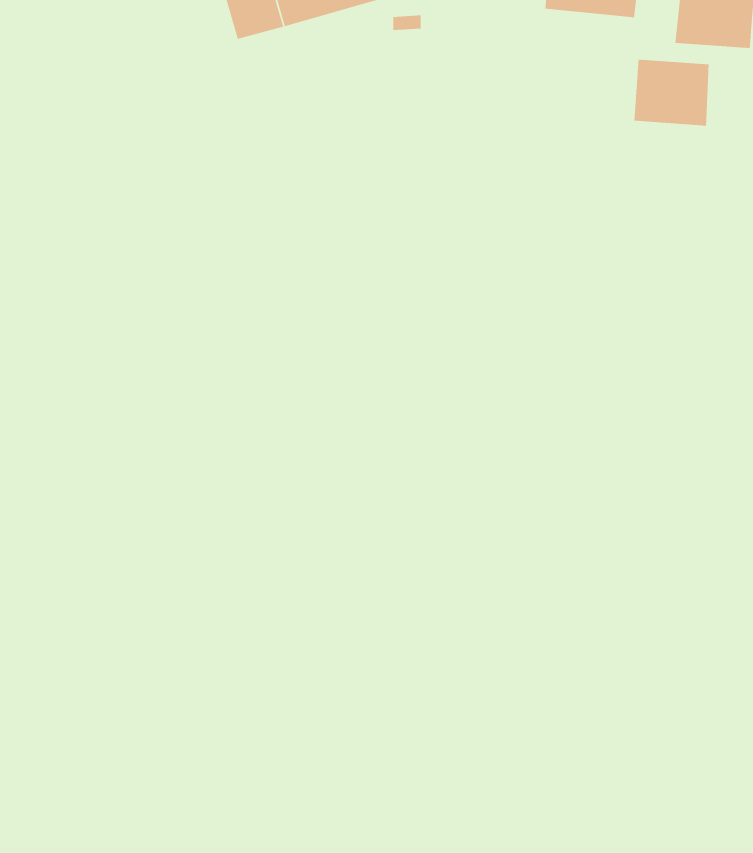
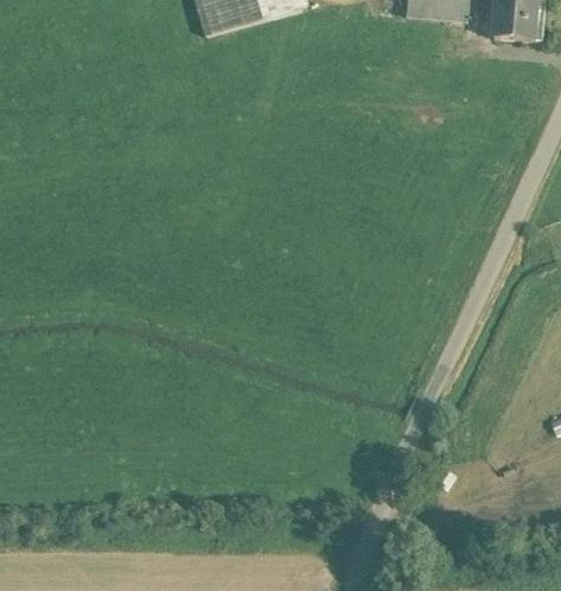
building: [634,59,710,127] -> none

